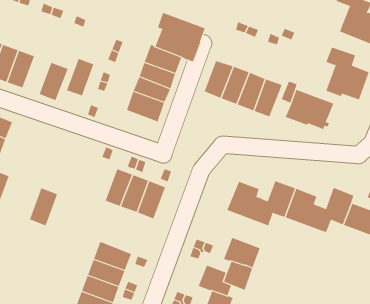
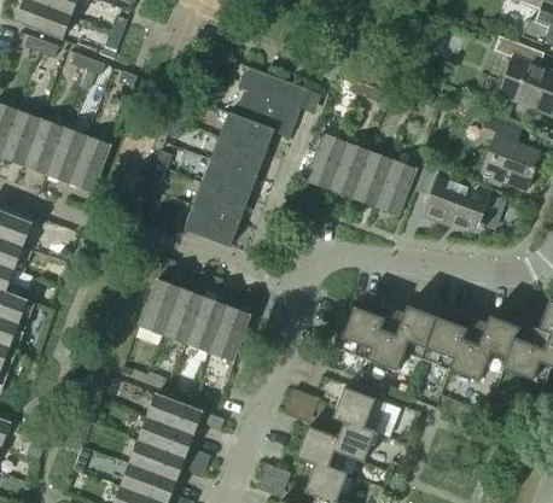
building: [66,58,94,96] -> [46,128,86,182]
building: none -> [184,205,239,246]
building: [29,187,58,226] -> [139,279,180,334]

